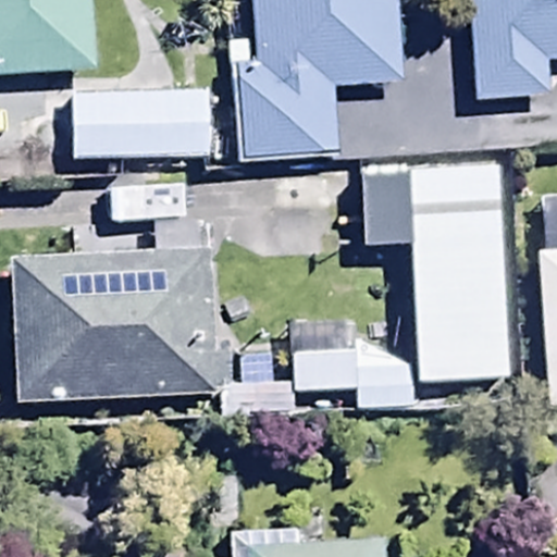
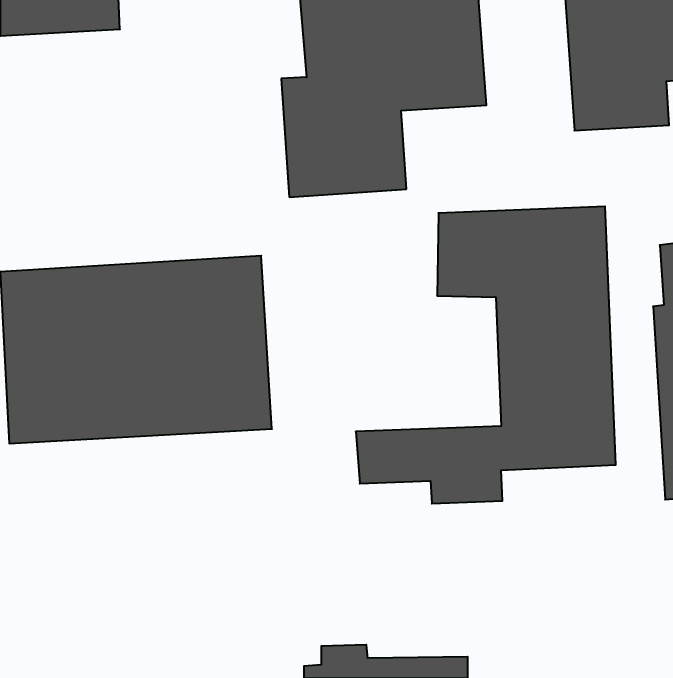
building: [72,94,213,162] -> none

